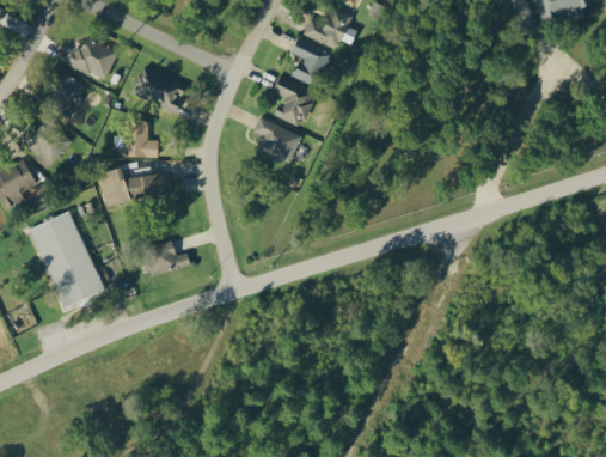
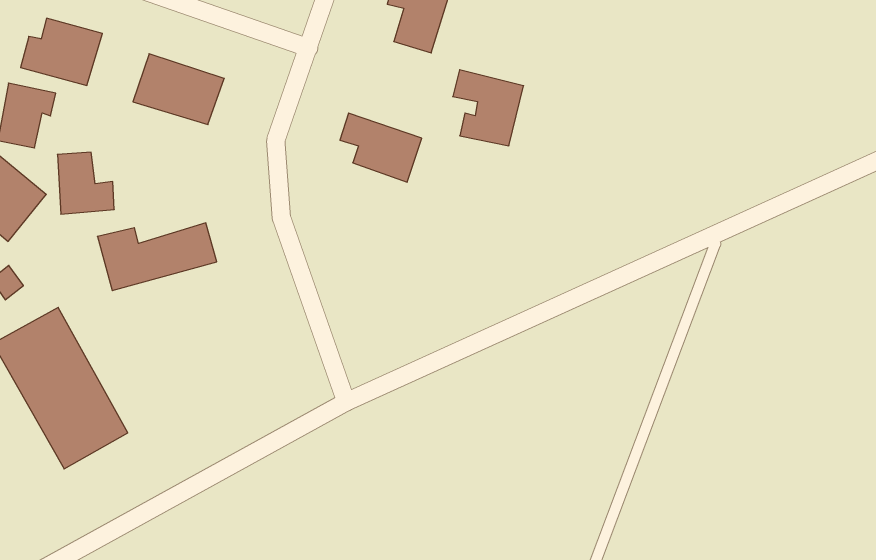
building: [271,78,314,127] -> [453,70,524,146]
building: [124,121,158,158] -> [57,152,114,214]
building: [143,240,190,278] -> none

